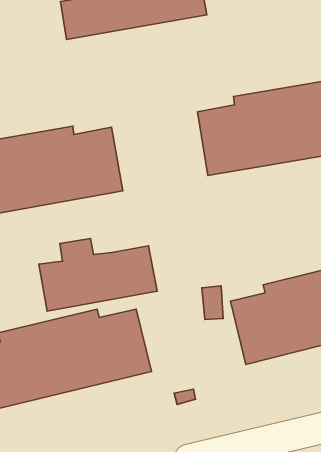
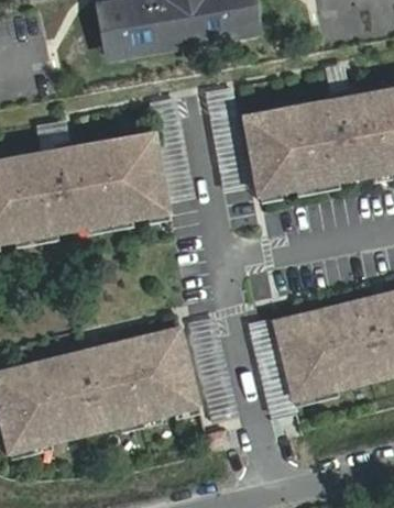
building: [39,239,157,311] -> none

